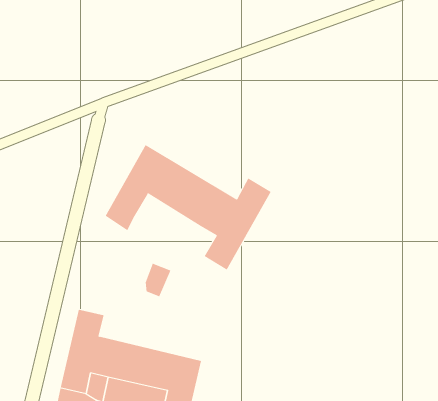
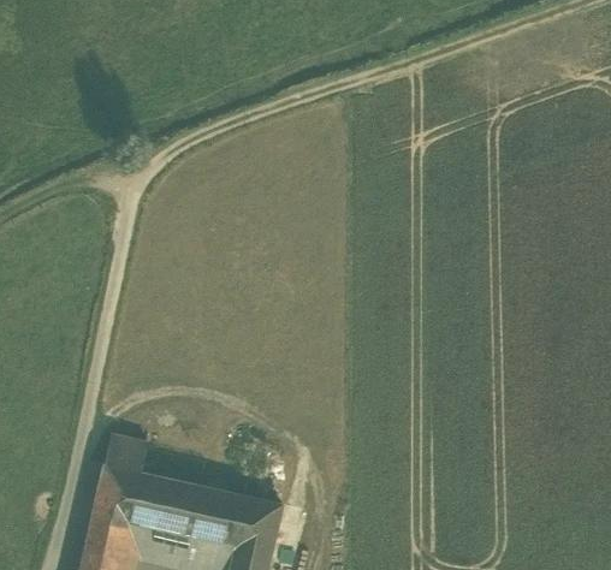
building: [105,144,272,271] -> none
building: [145,263,171,297] -> none

